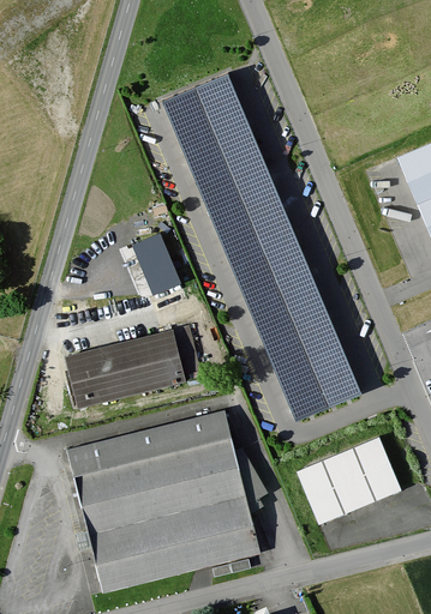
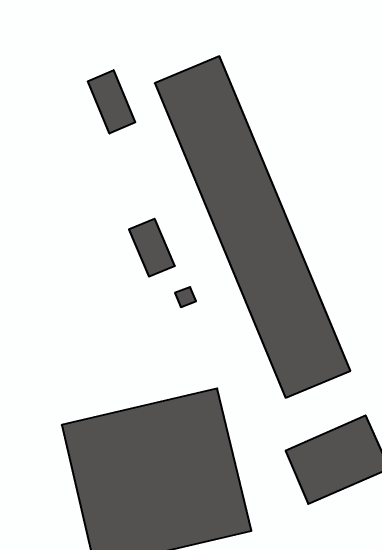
building: none -> [88,70,135,134]
building: [66,330,200,404] -> none

